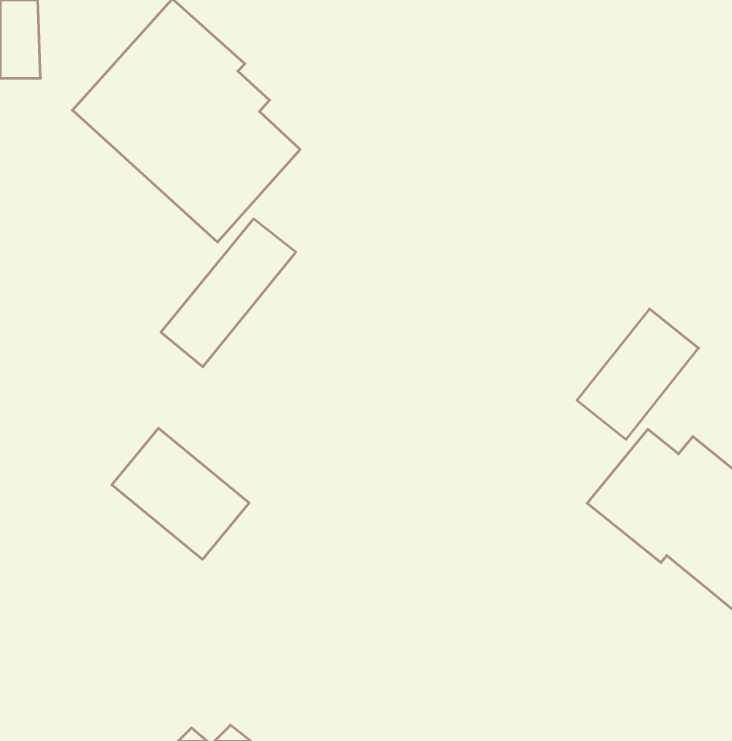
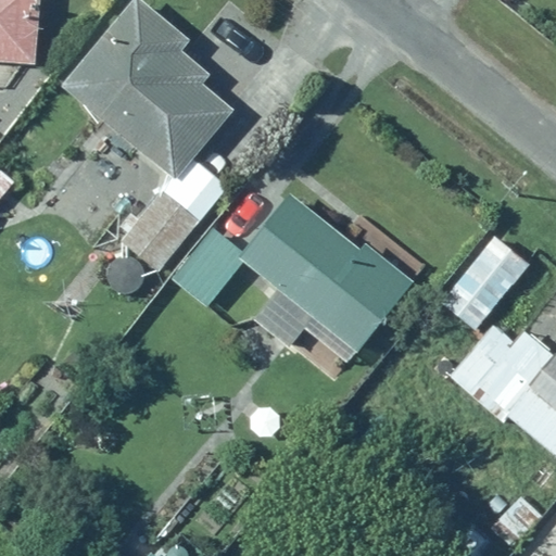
building: none -> [172,192,415,357]
building: [112,428,249,559] -> none

